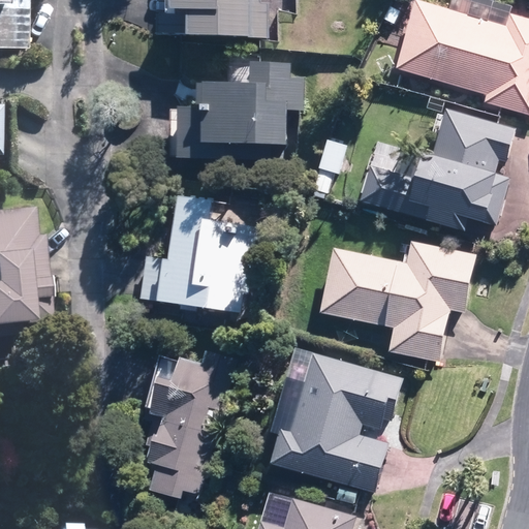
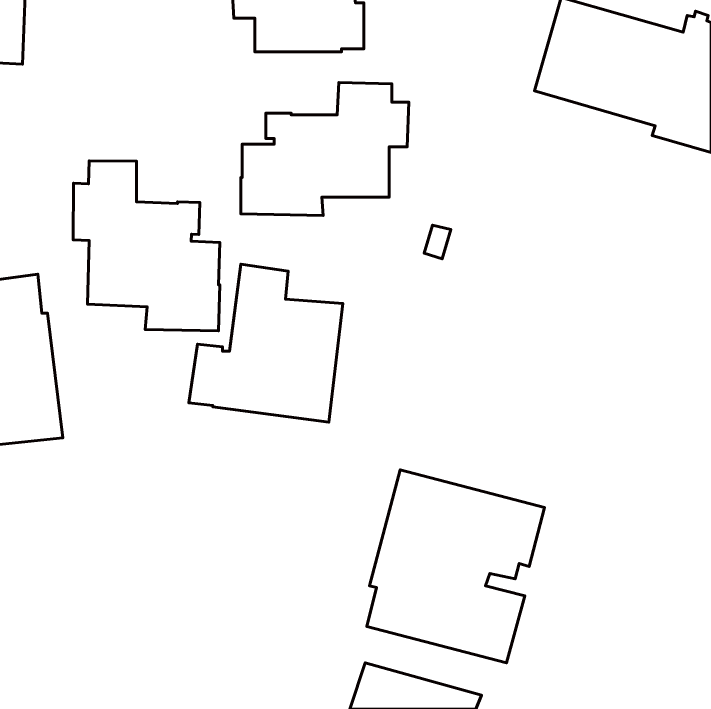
building: [360,107,515,231] -> none
building: none -> [73,161,220,331]
building: [319,239,475,360] -> none
building: [145,346,240,498] -> none

